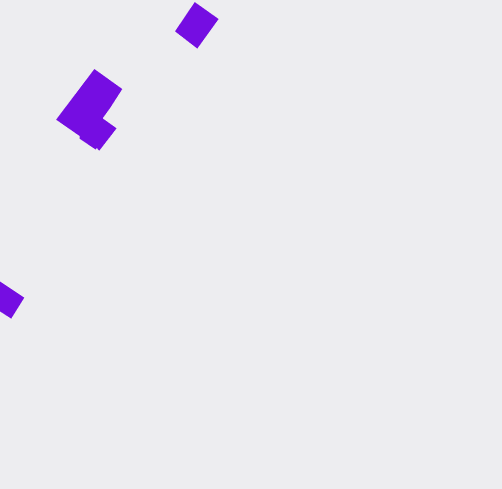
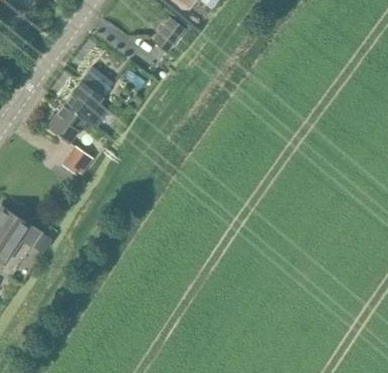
building: none -> [47,104,92,142]
building: none -> [62,145,93,174]

